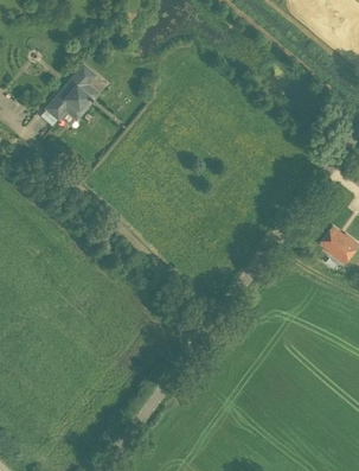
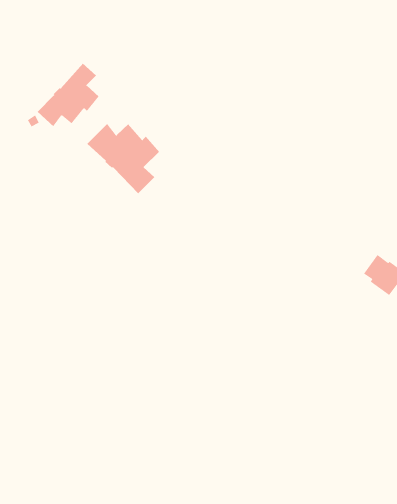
building: none -> [86,123,160,194]

